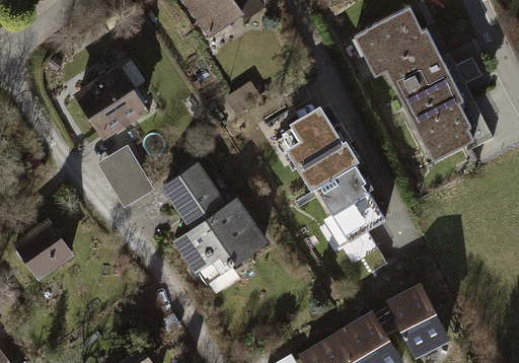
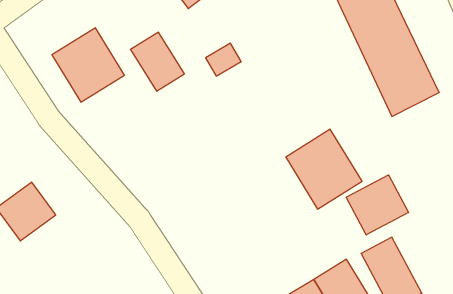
building: [276,108,360,198] -> none
building: [100,142,157,204] -> [130,32,184,91]
building: [162,166,269,289] -> none
building: none -> [346,175,409,235]

